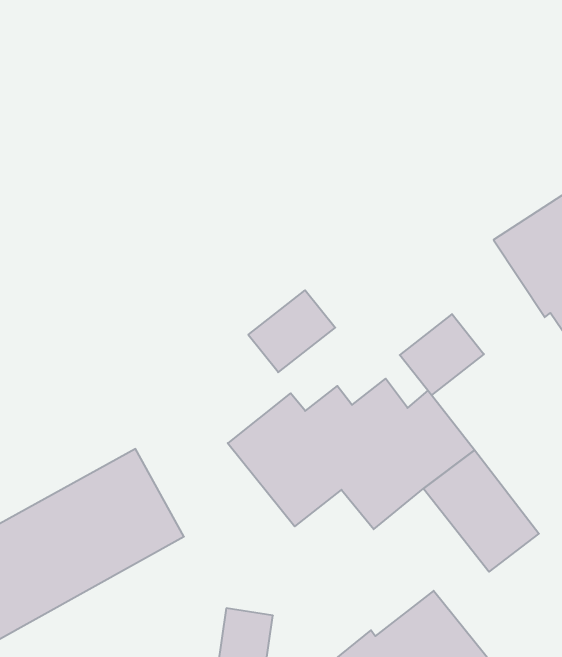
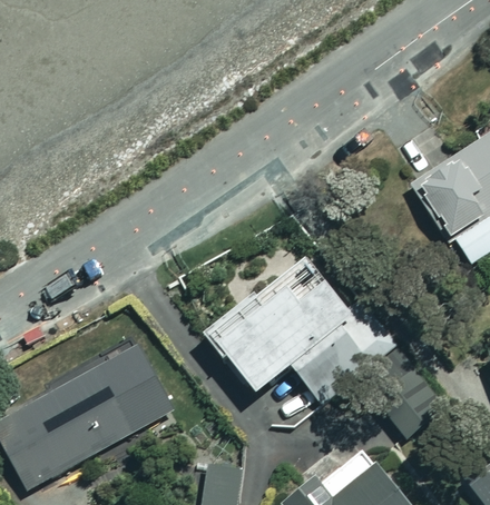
building: [248,290,335,372] -> none
building: [400,314,484,395] -> none

